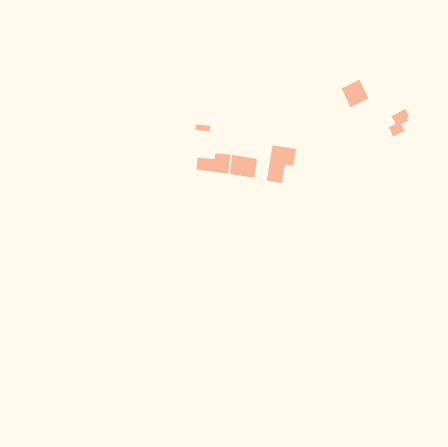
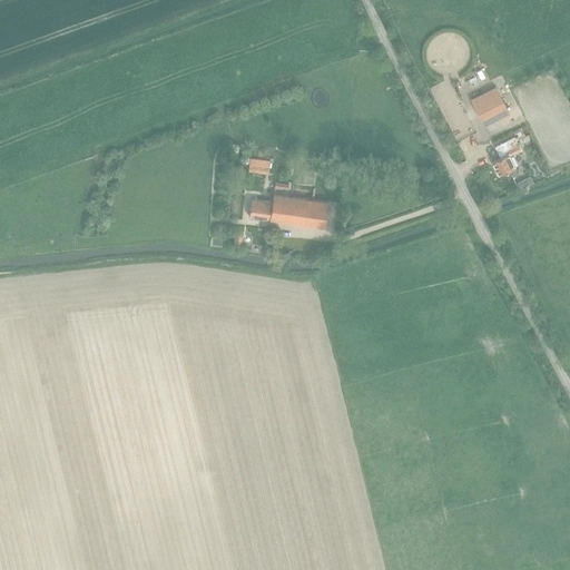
building: [341,79,370,108] -> [471,87,508,125]
building: [266,144,297,184] -> none

